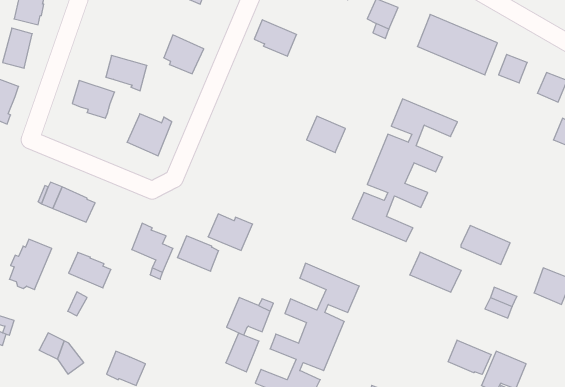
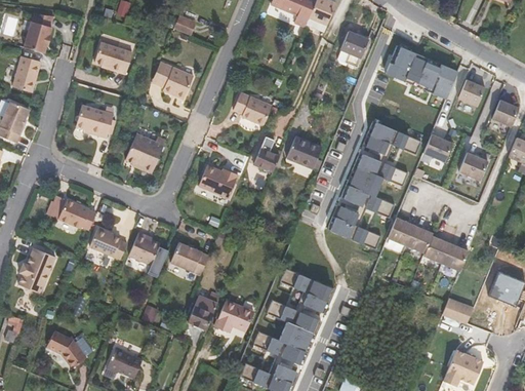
building: [254,20,297,56] -> [233,92,271,125]
building: [106,55,147,91] -> [96,38,133,70]
building: none -> [423,132,452,160]
building: none -> [253,136,279,172]
building: none -> [459,150,488,178]
building: [208,214,253,250] -> [197,164,237,197]
building: [410,252,461,292] -> [388,216,434,251]
building: [69,252,111,288] -> [89,228,127,260]
building: [226,333,259,372] -> [188,295,217,329]
building: [448,340,491,374] -> none

